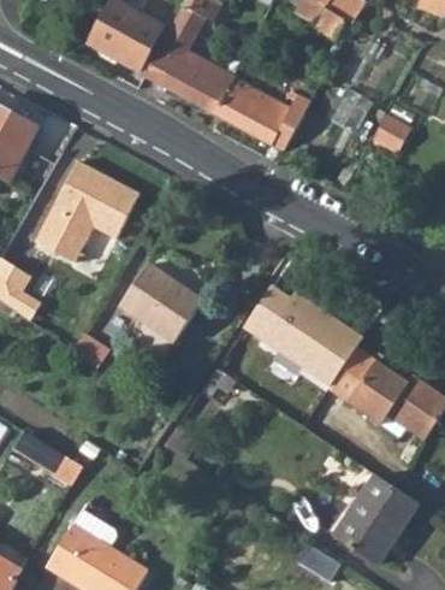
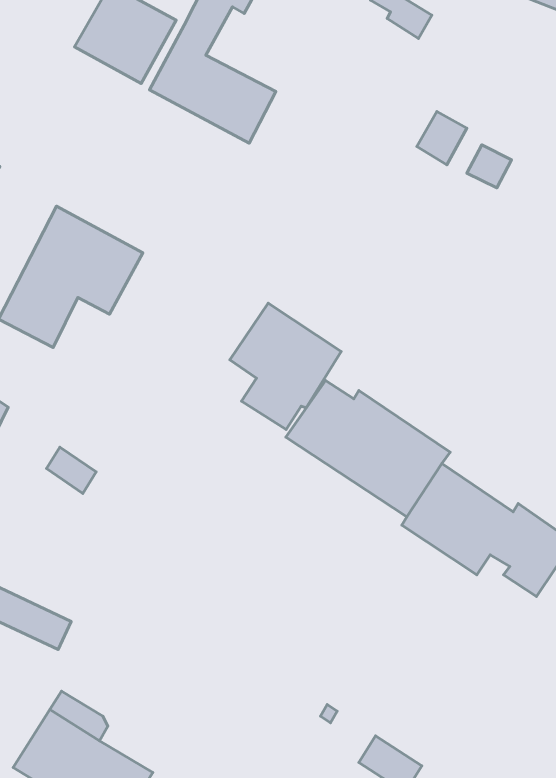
building: [215,76,312,151] -> none
building: [120,265,201,356] -> [230,303,341,430]
building: [334,476,419,565] -> none

